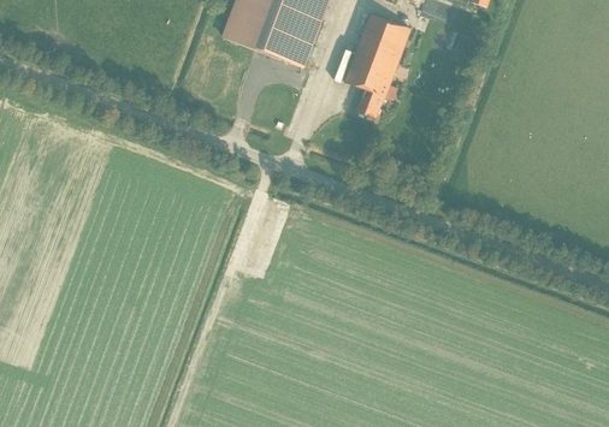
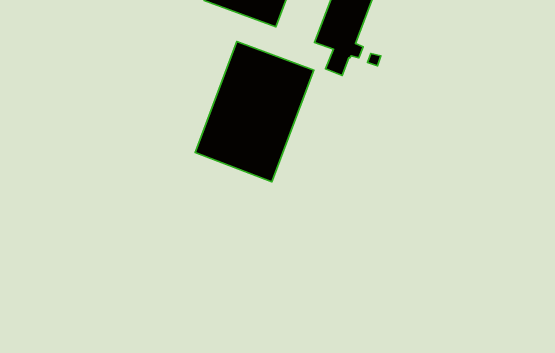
building: none -> [195,42,314,182]

